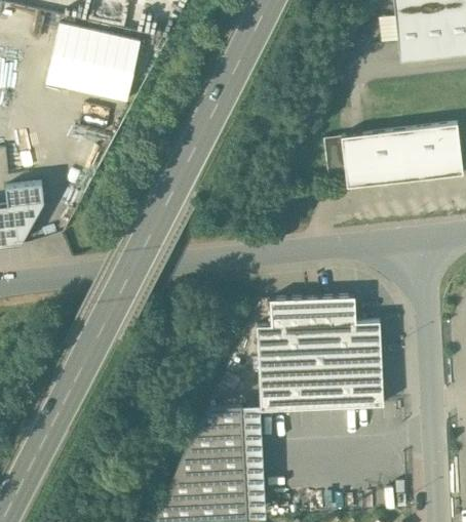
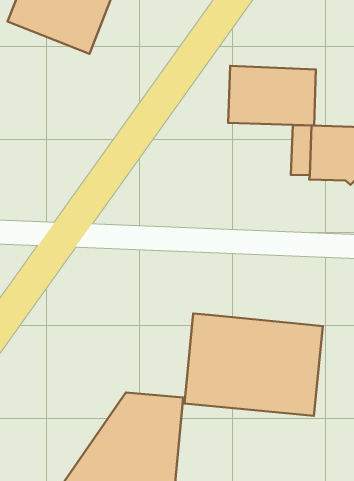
building: none -> [228,66,316,126]
building: [271,296,358,326] -> none

